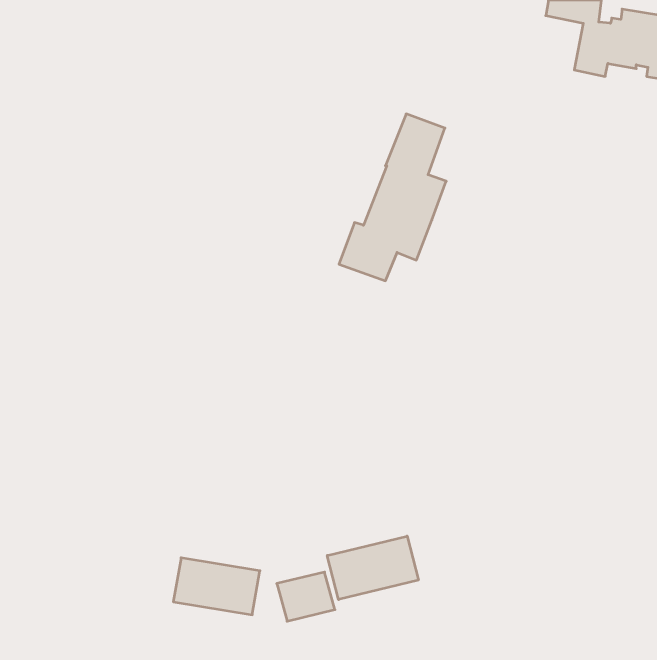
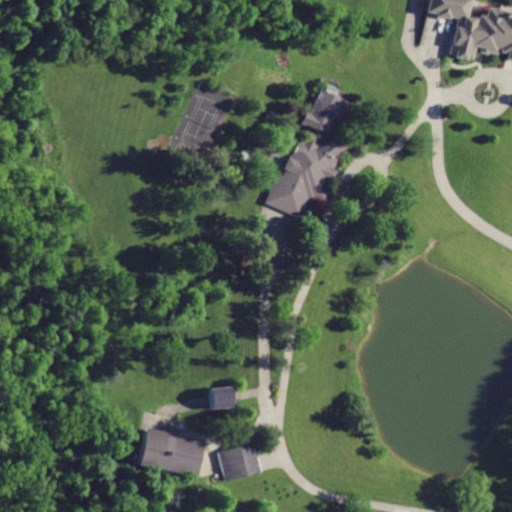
building: none -> [211,387,233,409]
building: [327,536,418,600] -> none

